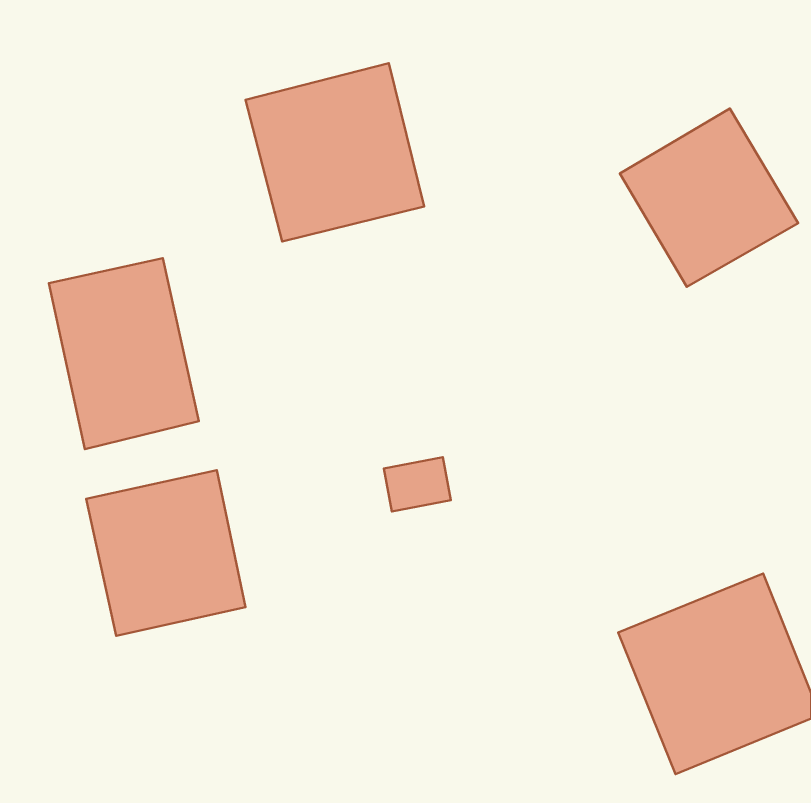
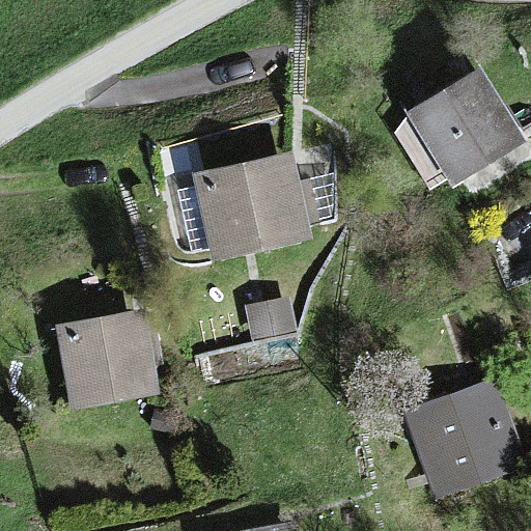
building: [246,63,424,242] -> [192,145,308,261]
building: [49,258,199,449] -> none

